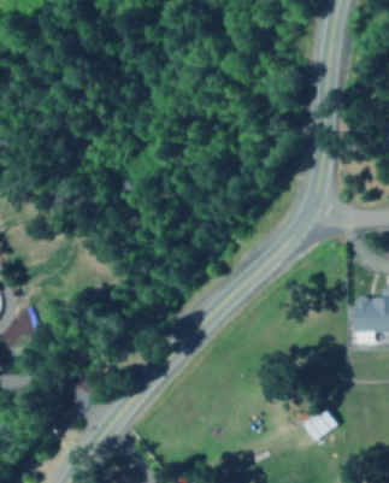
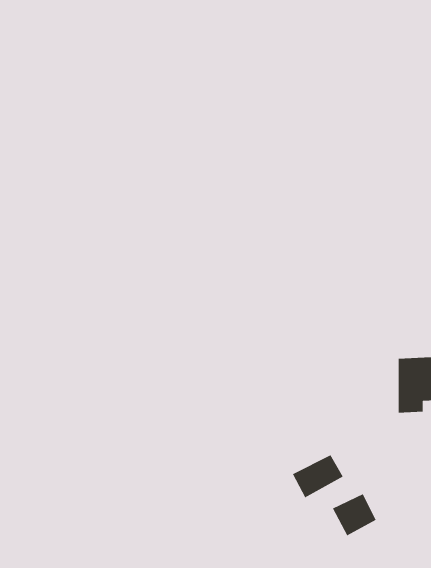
building: none -> [292,454,344,499]

